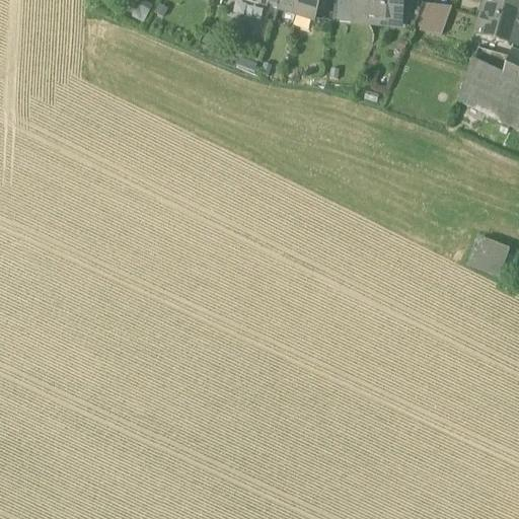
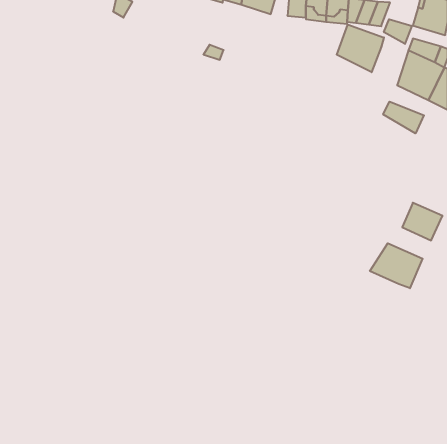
building: none -> [384,19,412,44]
building: none -> [337,25,384,72]
building: none -> [383,102,424,133]
building: none -> [370,243,423,288]

